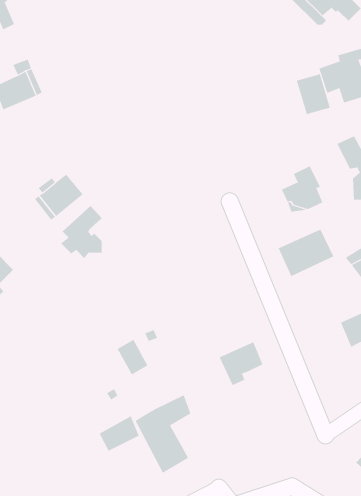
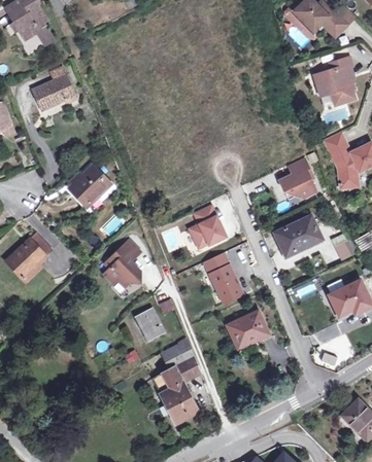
building: [296,73,331,115] -> none
building: [61,205,102,259] -> [105,240,141,286]
building: none -> [190,205,226,247]
building: none -> [203,251,243,304]
building: [99,415,139,451] -> [161,339,196,369]

